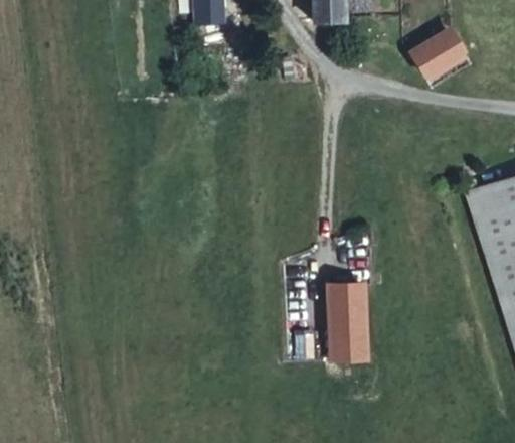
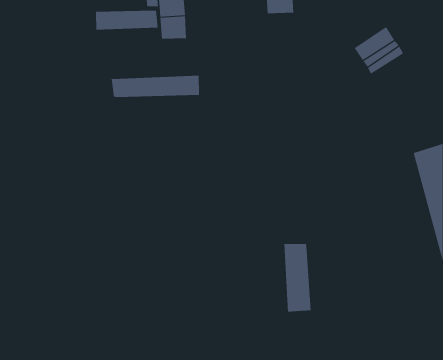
building: none -> [95,10,158,31]
building: none -> [111,75,199,98]

